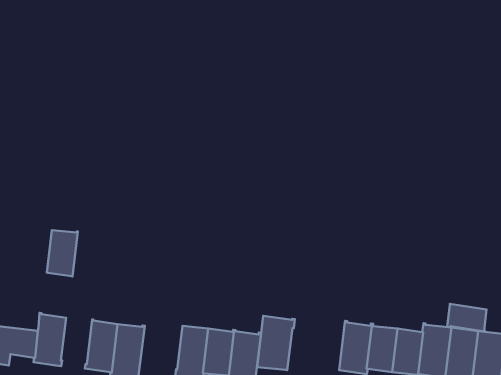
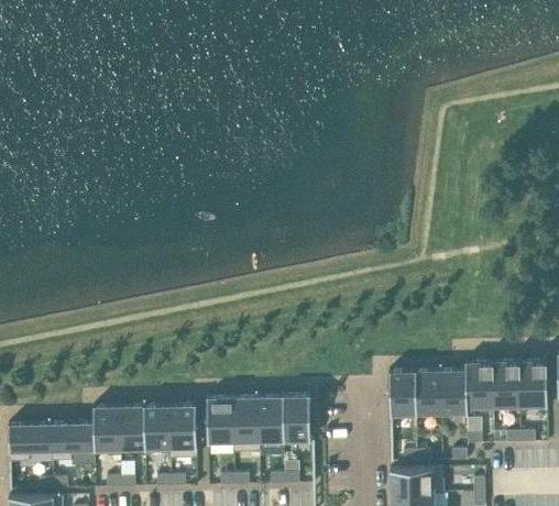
building: [47,230,78,276] -> [119,405,145,449]
building: [447,304,487,331] -> none
building: [257,316,295,370] -> none
building: none -> [206,397,233,443]

